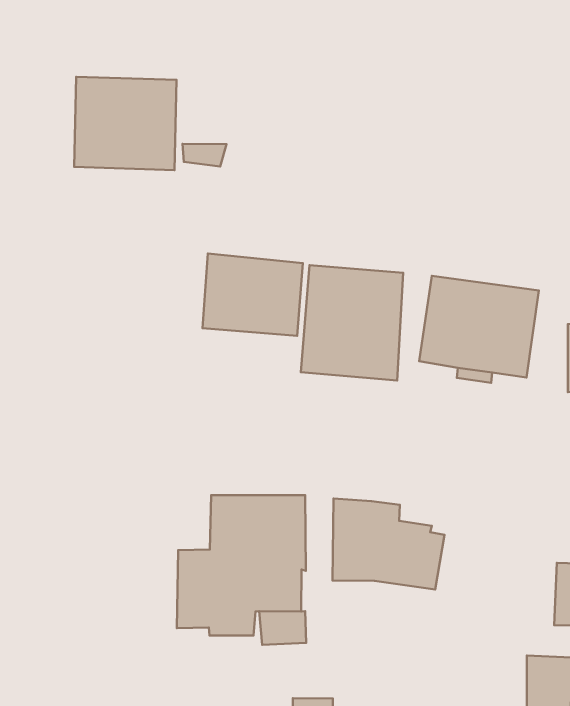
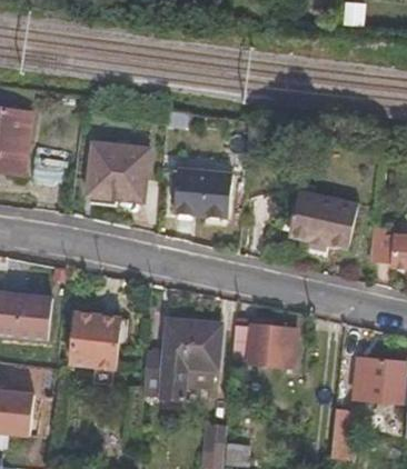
building: [74,77,176,170] -> [88,146,149,202]
building: [301,265,403,381] -> none
building: none -> [73,303,123,357]

